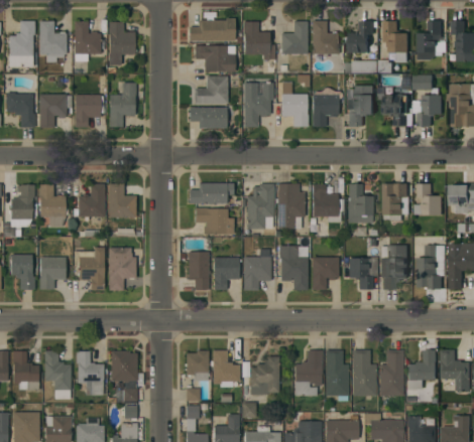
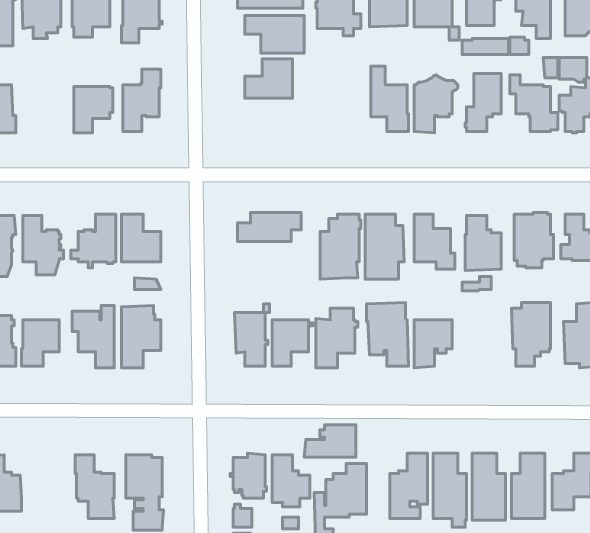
building: [244,83,273,127] -> none
building: [39,94,73,127] -> none
building: [190,107,227,128] -> none
building: [196,207,234,234] -> none
building: [349,258,378,289] -> none
building: none -> [304,425,356,457]
building: [44,350,72,399] -> none

